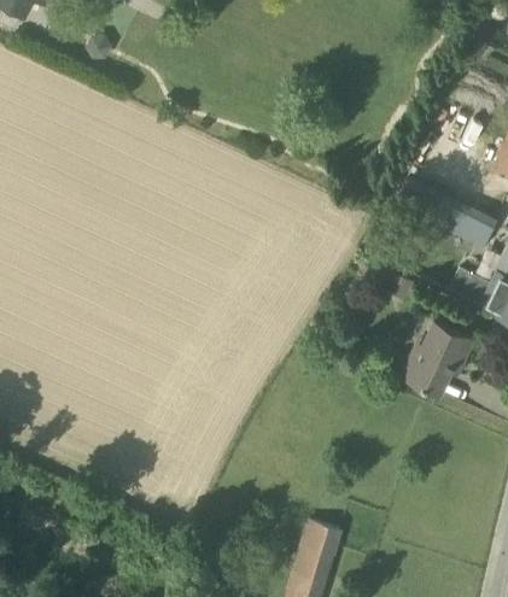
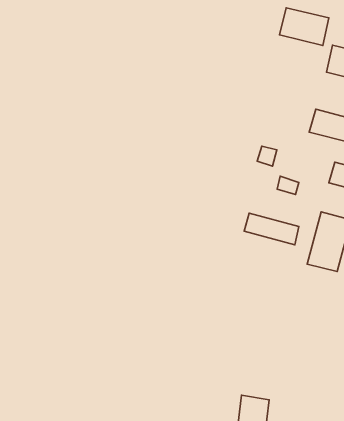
building: none -> [279,8,329,46]
building: none -> [244,213,299,245]

